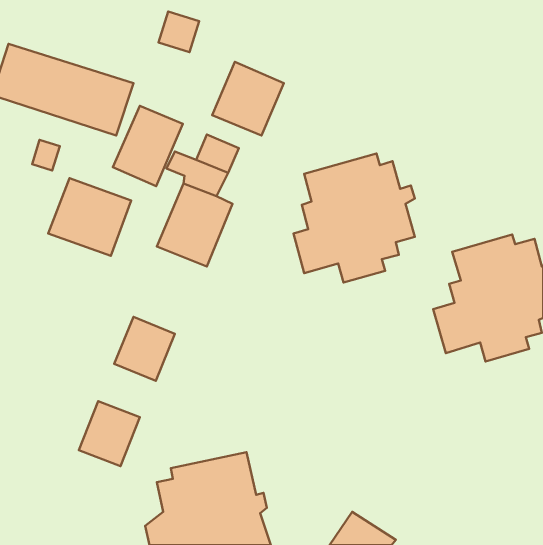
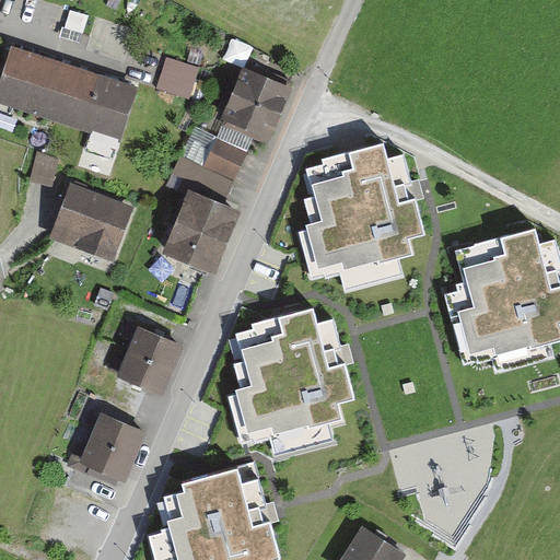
building: [159,12,199,52] -> [154,57,196,98]
building: [113,106,183,186] -> none
building: none -> [226,317,352,451]

